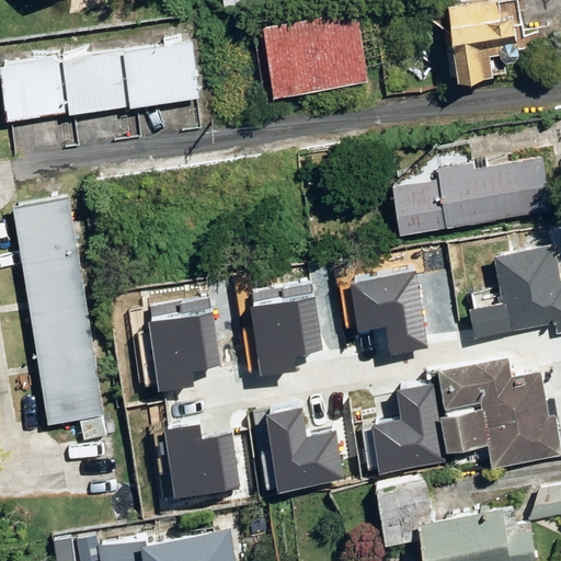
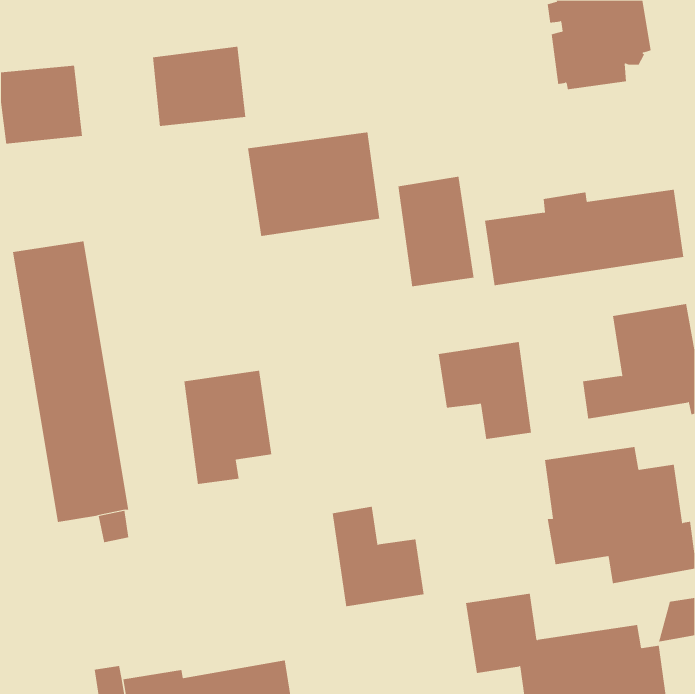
building: [260,9,367,93] -> [247,132,380,236]
building: [60,47,128,111] -> none
building: none -> [398,176,474,287]
building: [251,286,322,378] -> none
building: [374,387,444,471] -> none
building: [165,427,240,499] -> none

